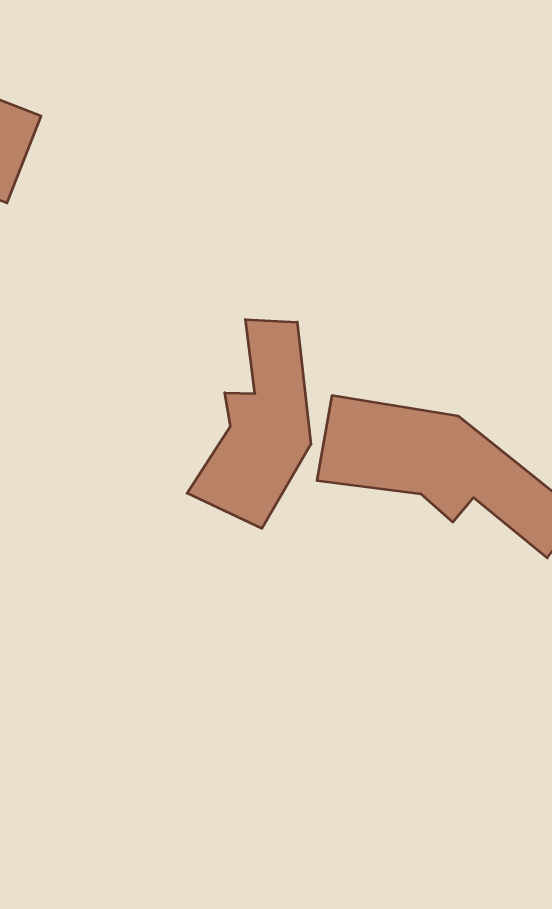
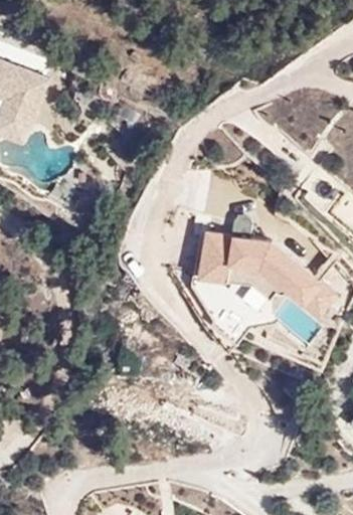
building: [187,319,311,528] -> none

